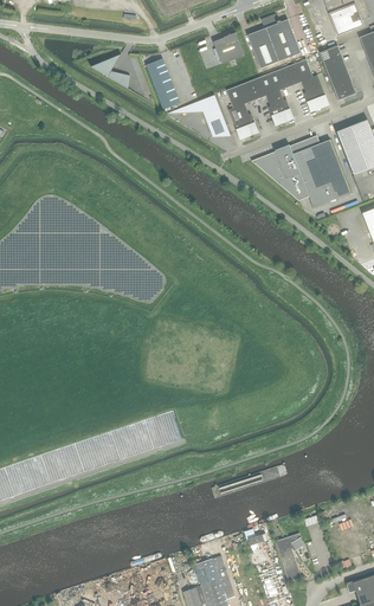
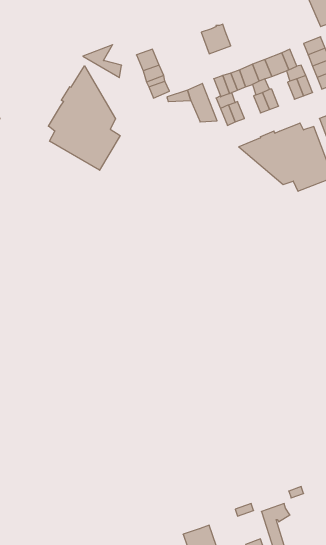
building: [247,15,301,69] -> none
building: none -> [48,66,120,170]

